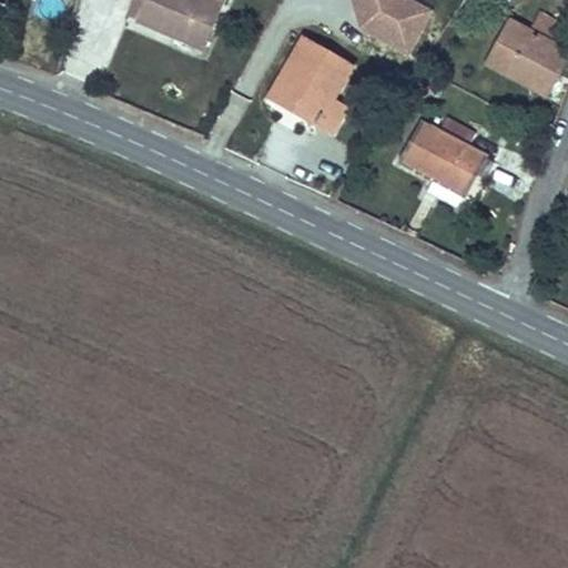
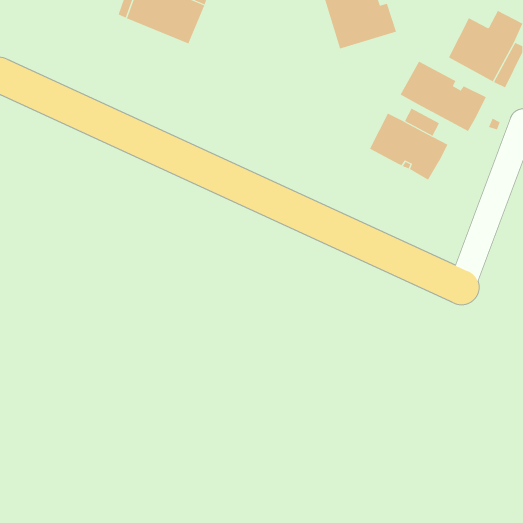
building: [268,39,351,133] -> none
building: none -> [400,61,486,132]

